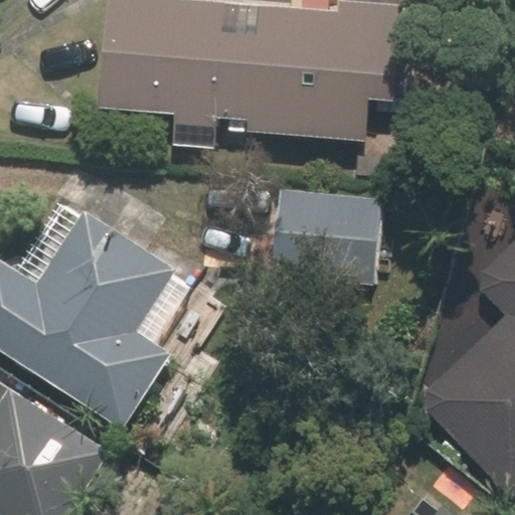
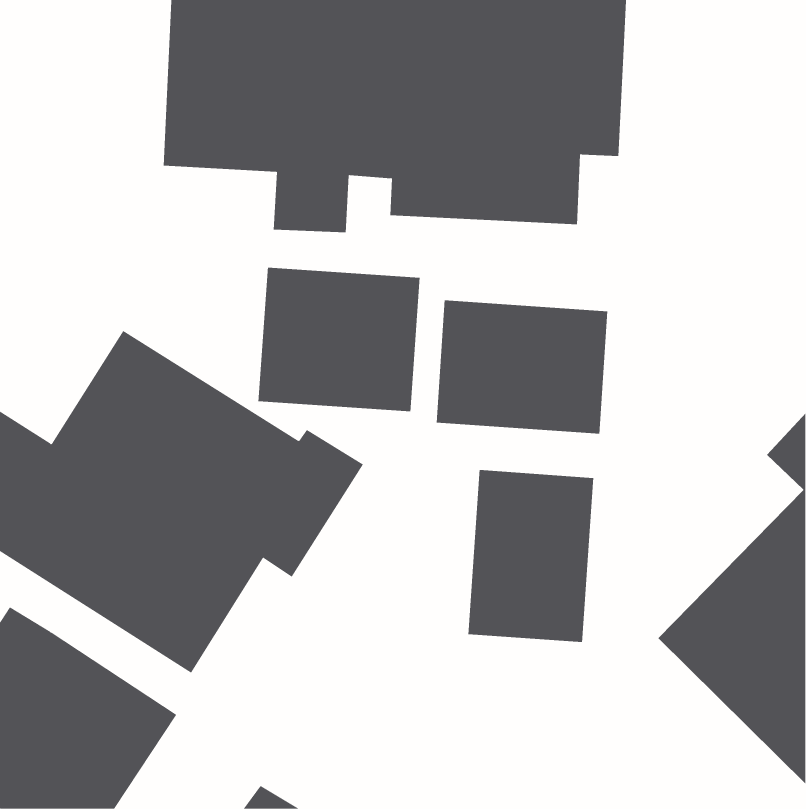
building: none -> [258,267,420,412]
building: none -> [468,469,594,643]

